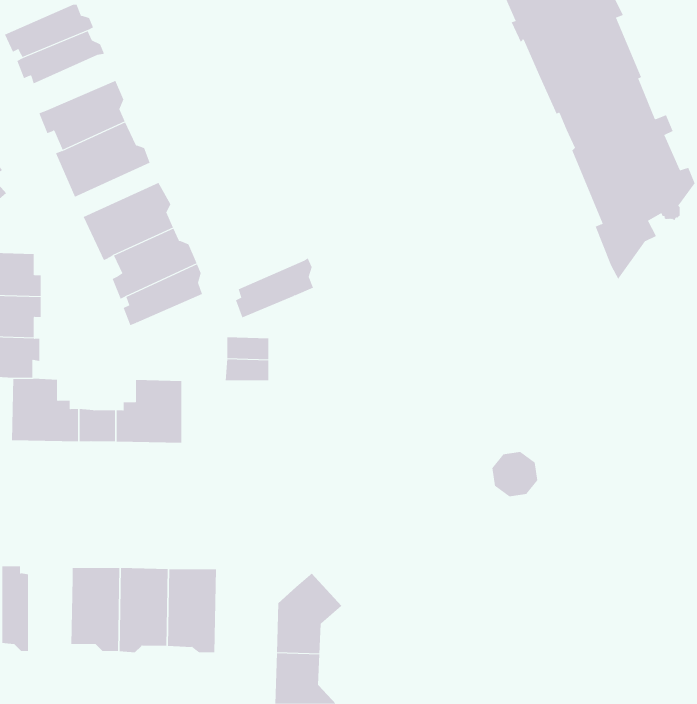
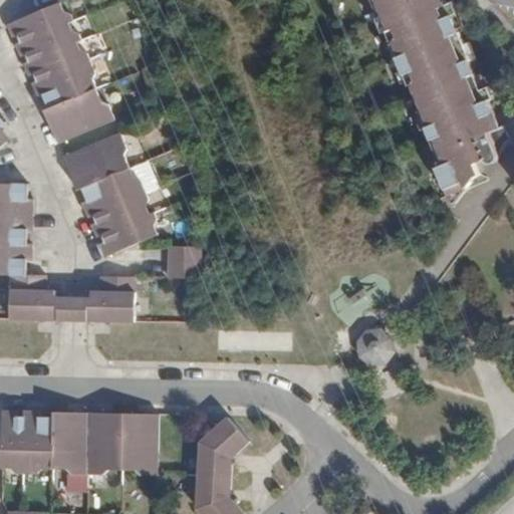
building: none -> [20,40,84,80]
building: [235,257,314,318] -> [97,212,155,256]
building: none -> [21,412,52,474]

